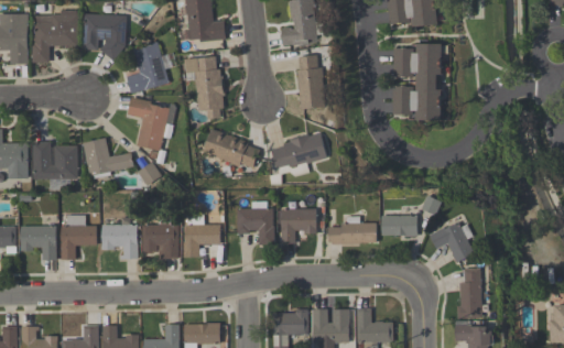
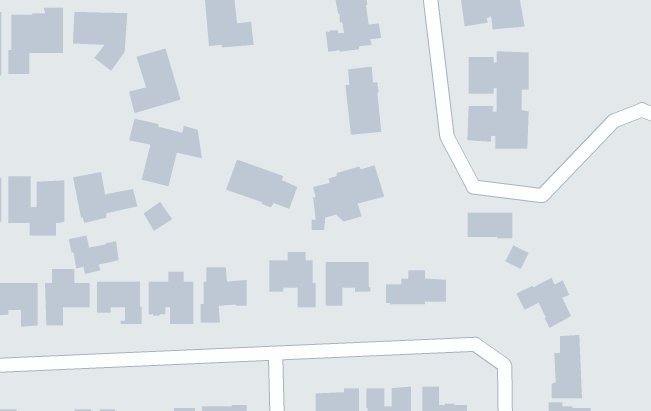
building: [184,56,225,120] -> none
building: none -> [68,235,119,275]
building: [381,216,417,237] -> [467,212,513,239]

